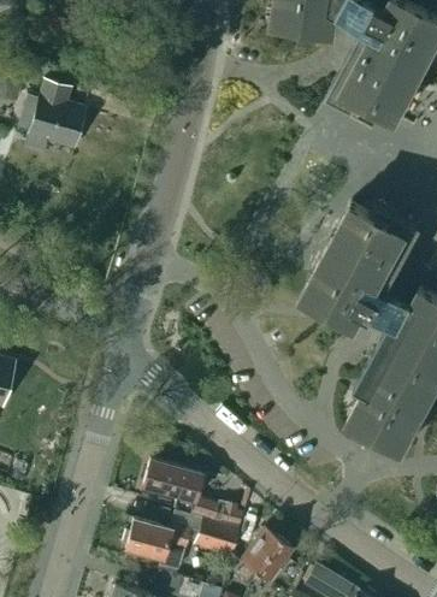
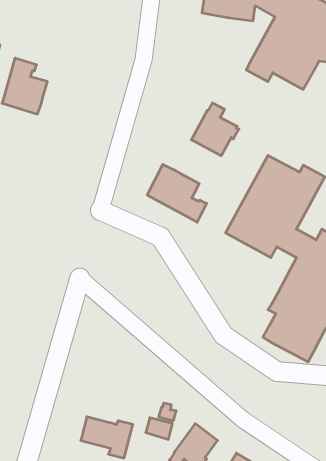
building: none -> [191,103,239,156]
building: none -> [147,164,207,222]
building: [142,461,219,521] -> none

